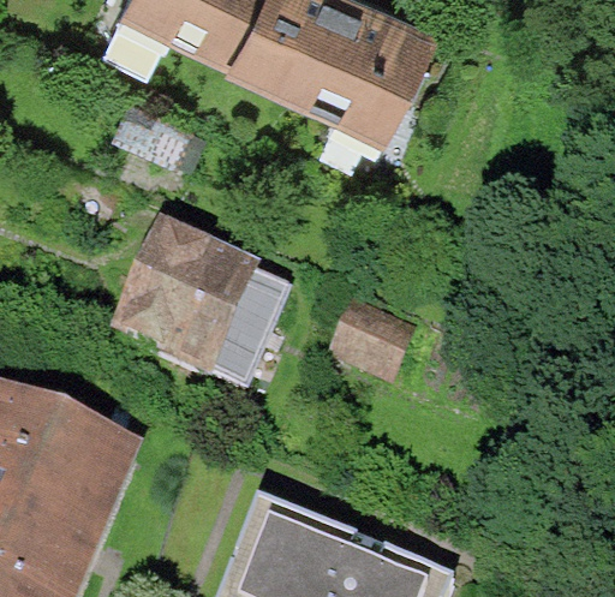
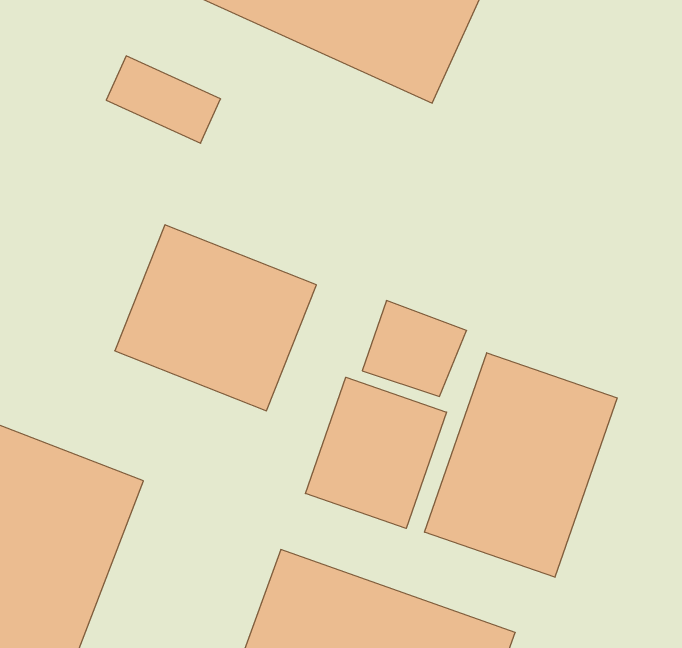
building: none -> [425,353,617,577]
building: none -> [305,377,447,528]

